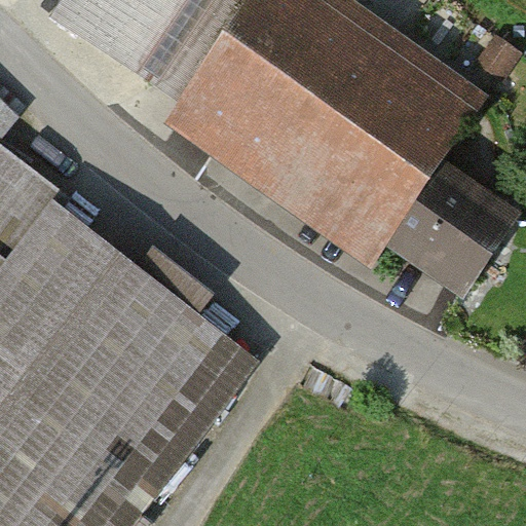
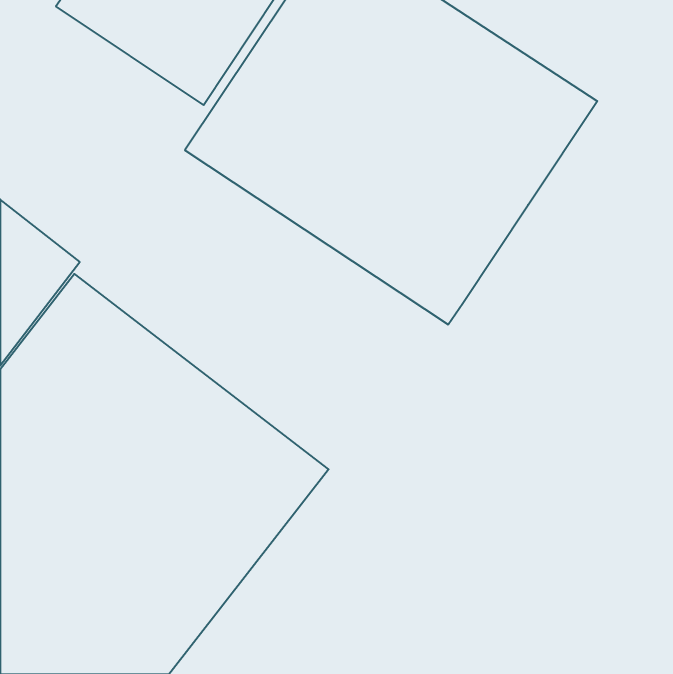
building: [363,158,499,295] -> none

